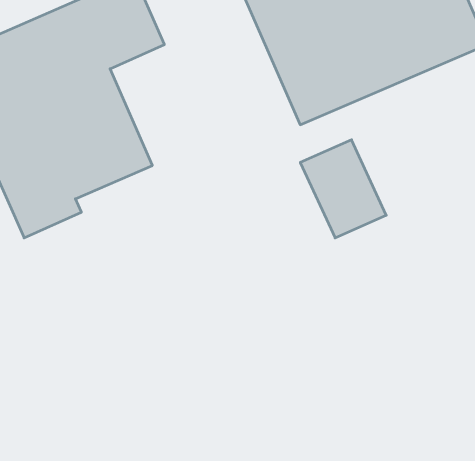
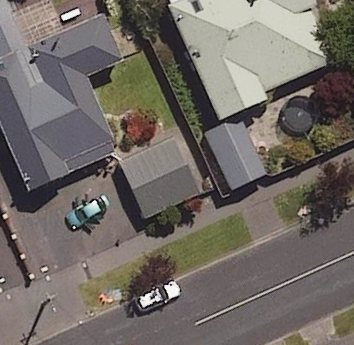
building: none -> [123,137,201,216]

